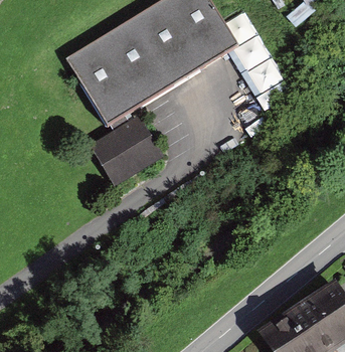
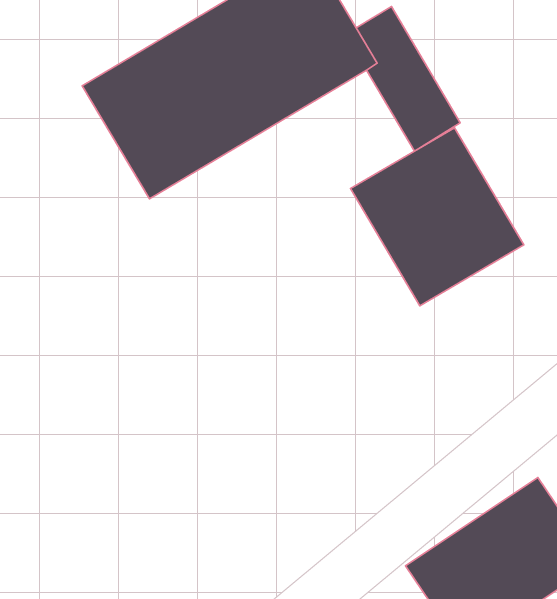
building: none -> [350,128,524,306]
building: [88,116,163,186] -> none

